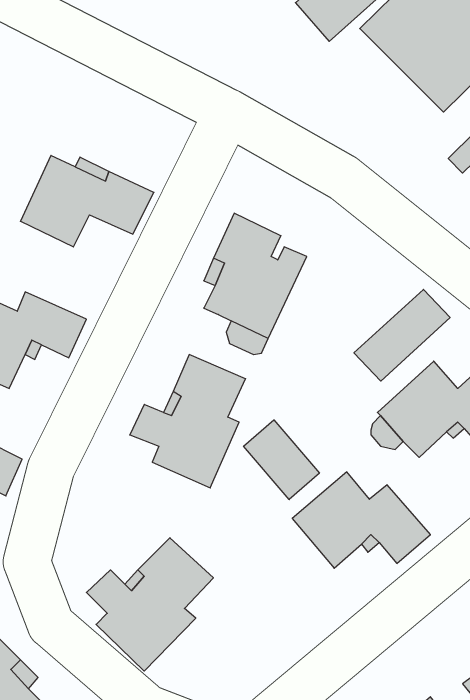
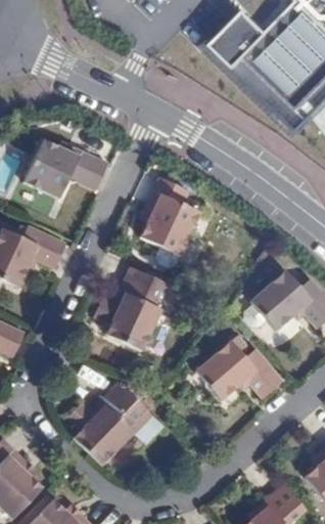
building: [354,289,450,381] -> none
building: [244,420,319,500] -> none

